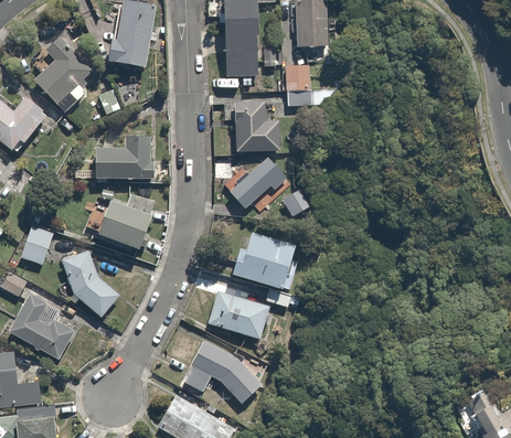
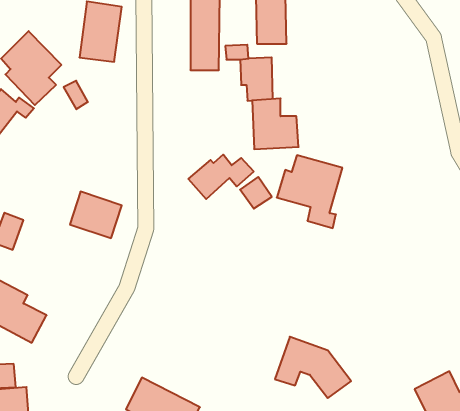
building: [233,100,281,153] -> [252,98,299,149]
building: [96,136,155,180] -> none
building: [233,232,301,308] -> [277,155,342,228]
building: [60,250,119,317] -> none
building: [209,291,270,340] -> none
building: [183,340,263,404] -> [275,337,351,398]

